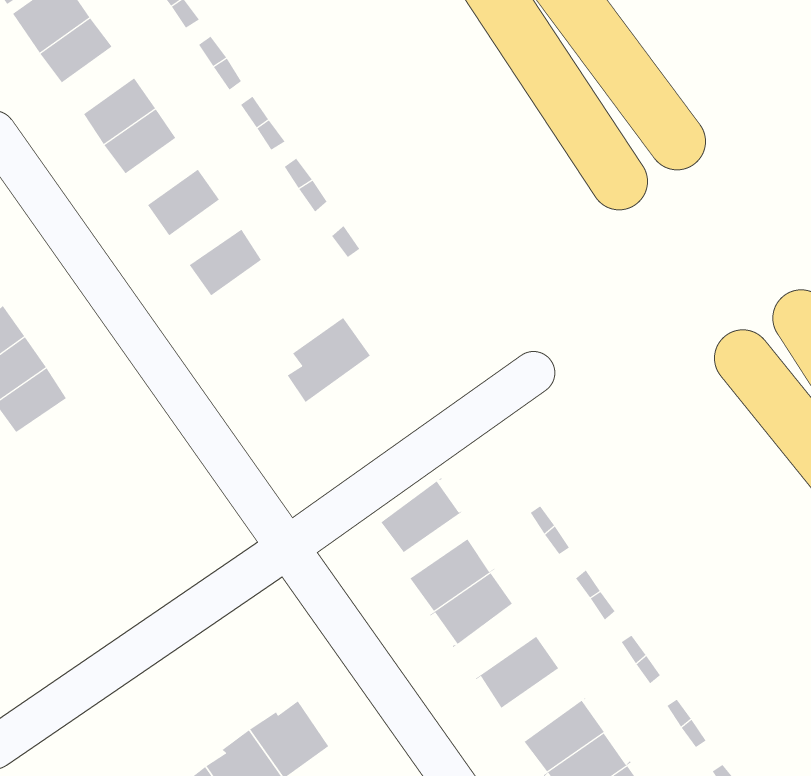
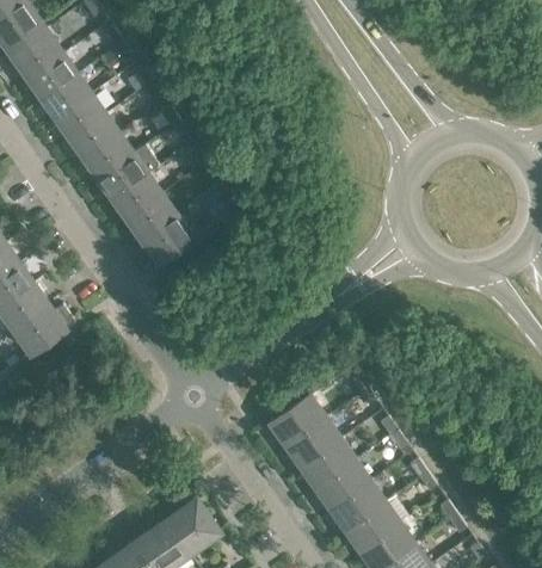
building: none -> [43,74,91,118]
building: none -> [85,134,133,178]
building: none -> [113,174,161,217]
building: [287,317,371,403] -> [137,214,192,270]
building: none -> [13,304,74,353]
building: [377,477,465,556] -> [300,437,357,488]
building: none -> [328,480,387,531]

